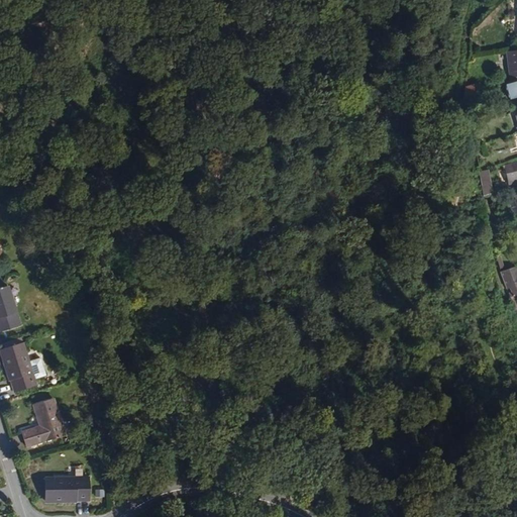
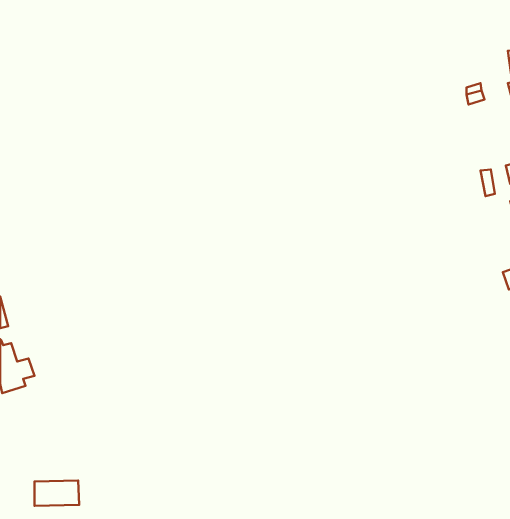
building: [19,399,62,446] -> none

